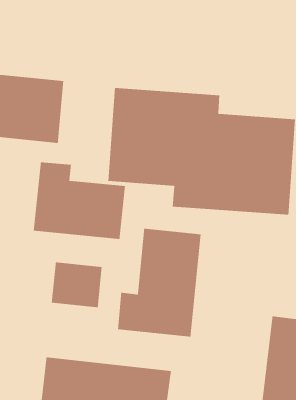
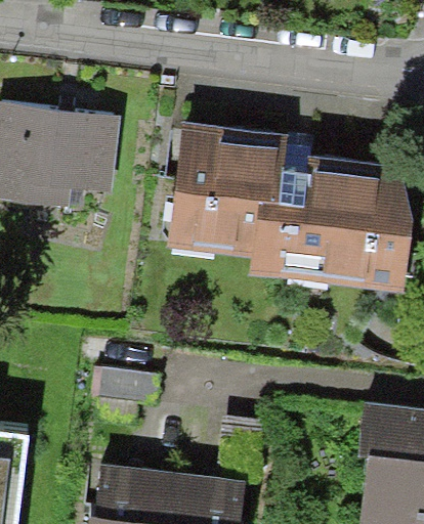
building: [33,162,126,240] -> none
building: [117,228,202,338] -> none

